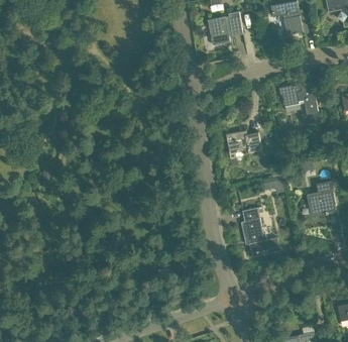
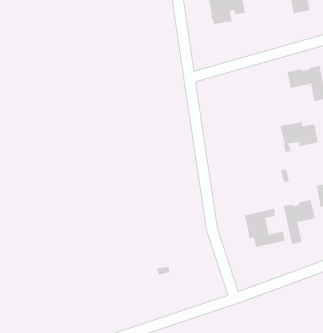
building: [225,129,261,158] -> [279,121,318,153]
building: none -> [283,199,316,245]

